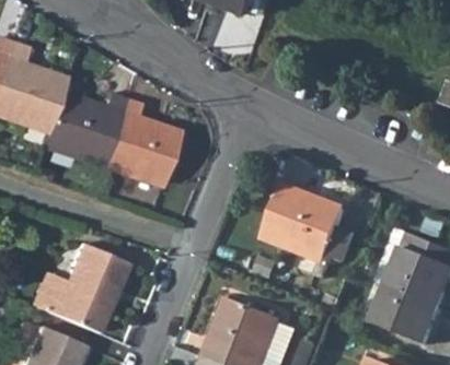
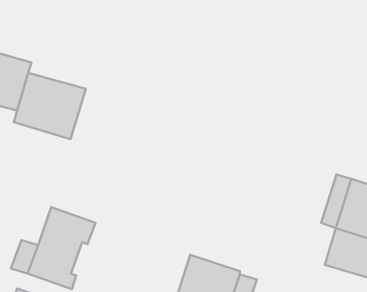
building: [107,117,184,189] -> none
building: [259,190,341,262] -> none

